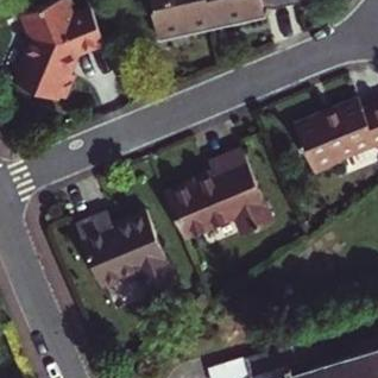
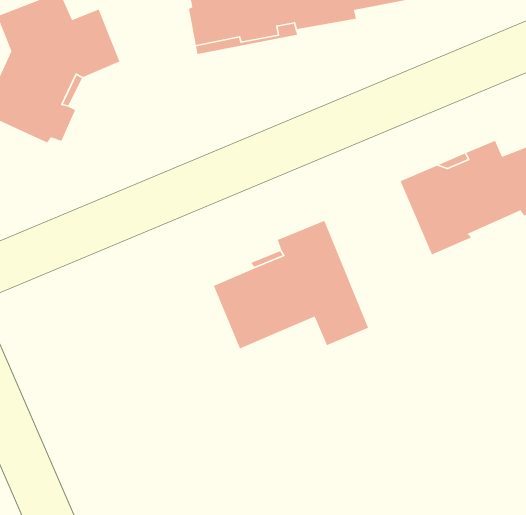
building: [76,209,176,296] -> none

